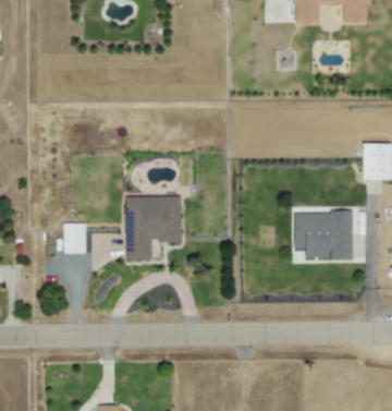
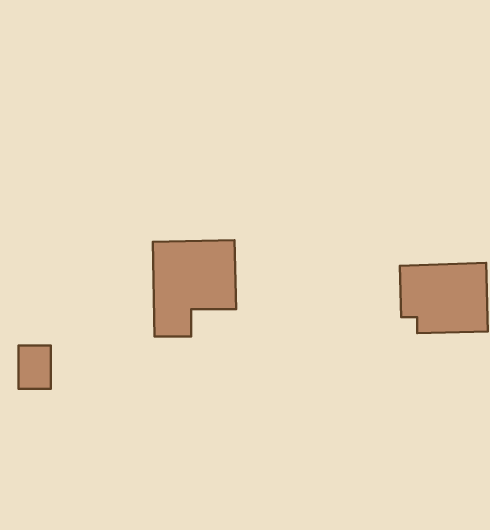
building: [64,225,86,254] -> [19,346,51,389]

